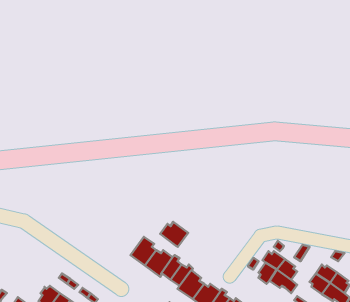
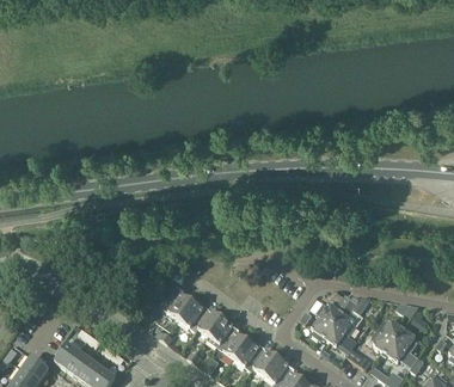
building: [160,222,188,247] -> none

